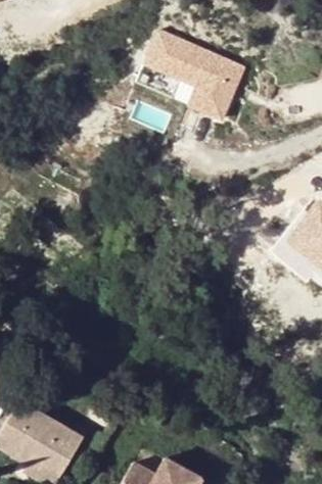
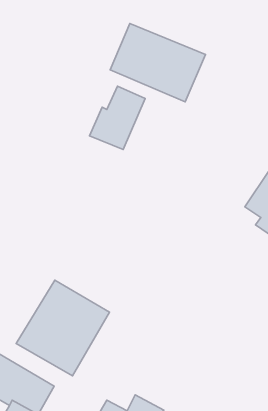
building: none -> [90,86,145,149]
building: none -> [16,280,110,376]

